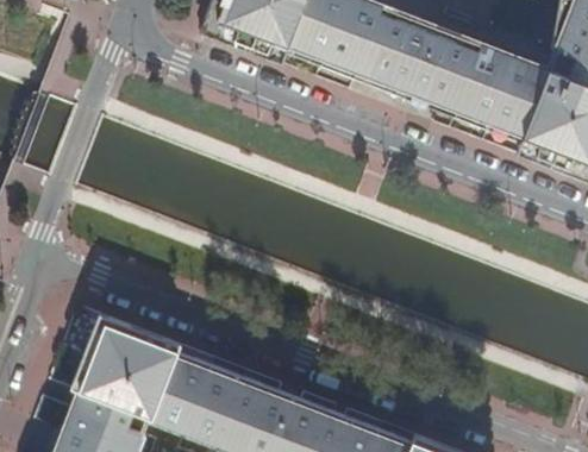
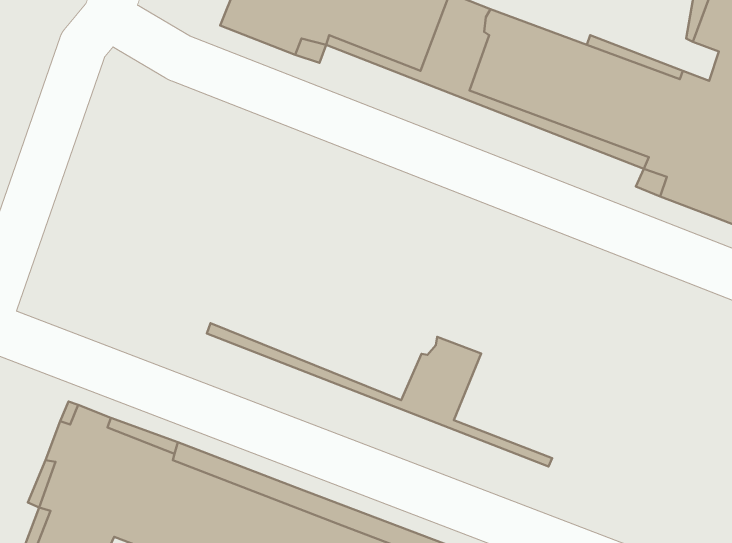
building: none -> [207,323,552,466]

